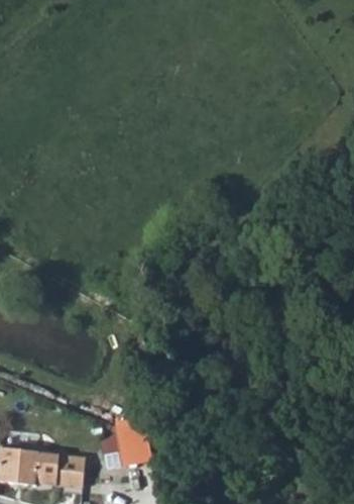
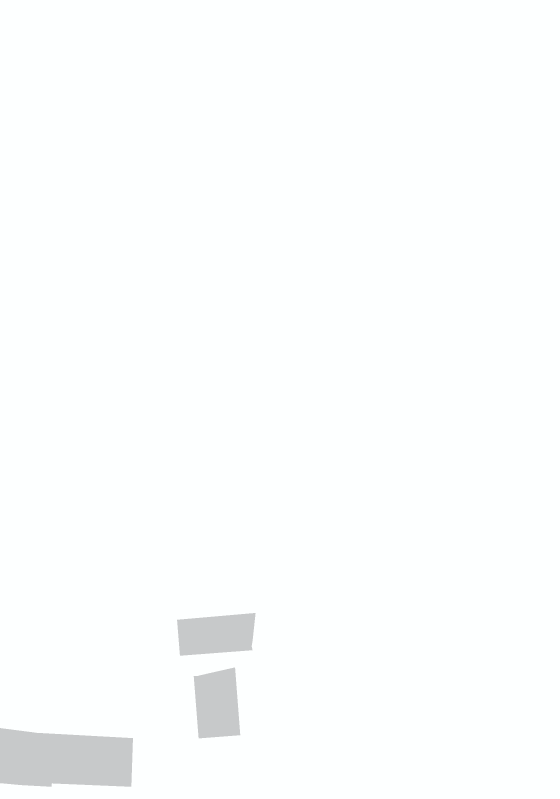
building: none -> [176,612,256,657]

